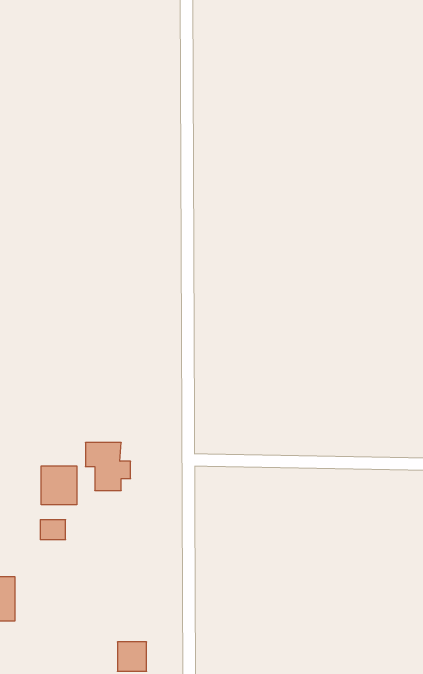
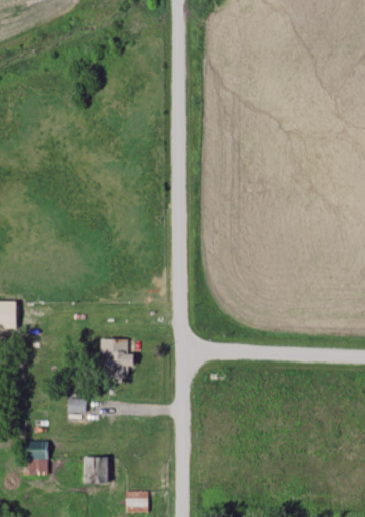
building: [41,466,77,505] -> none
building: none -> [84,456,103,484]

